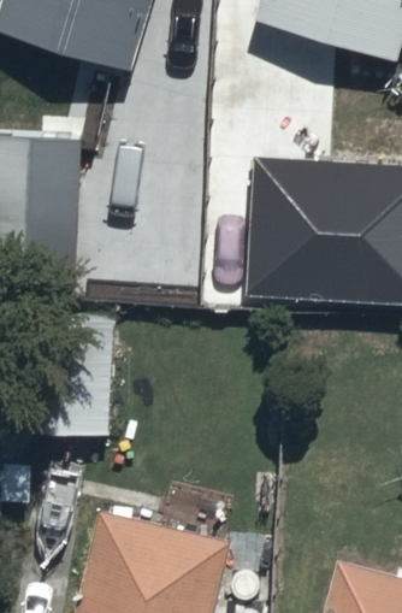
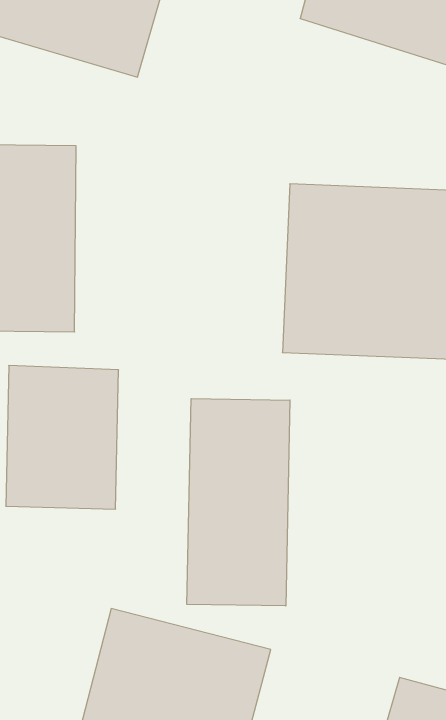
building: none -> [187,399,290,606]

